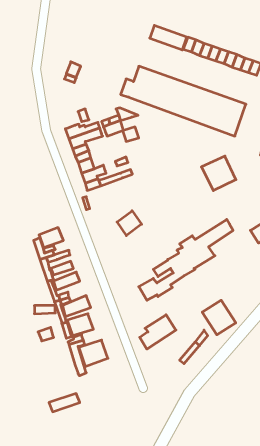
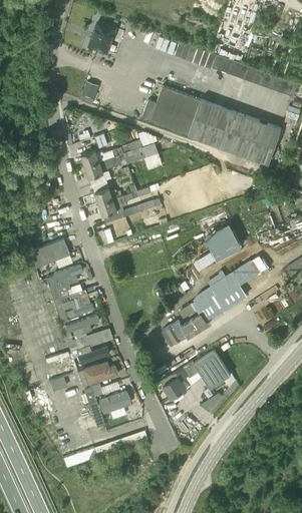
building: none -> [89,22,115,52]
building: [201,156,236,191] -> [207,221,245,260]
building: none -> [30,238,69,268]
building: [117,211,142,236] -> none
building: [202,300,236,335] -> [194,350,231,388]

